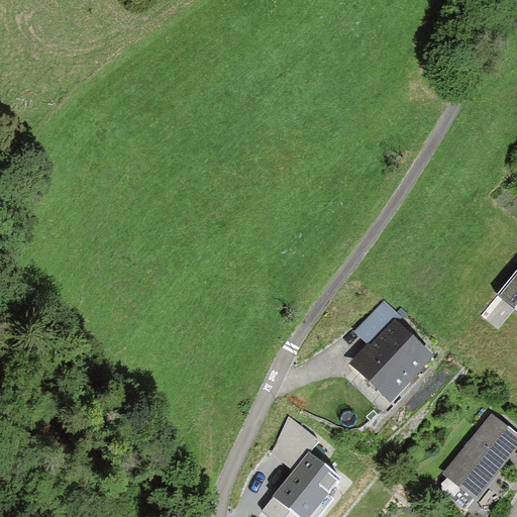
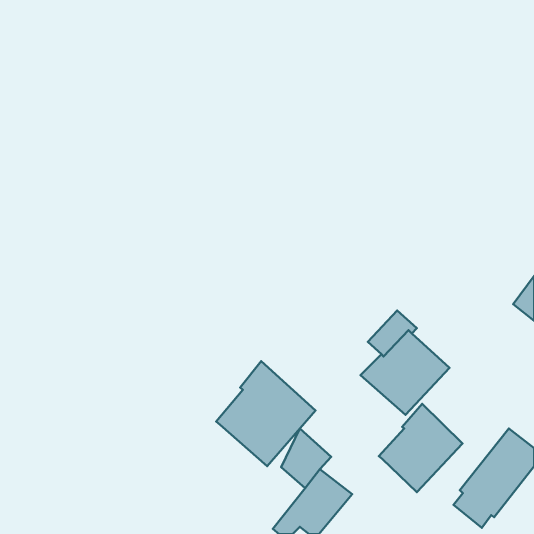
building: none -> [216,361,315,466]
building: none -> [379,404,462,492]

